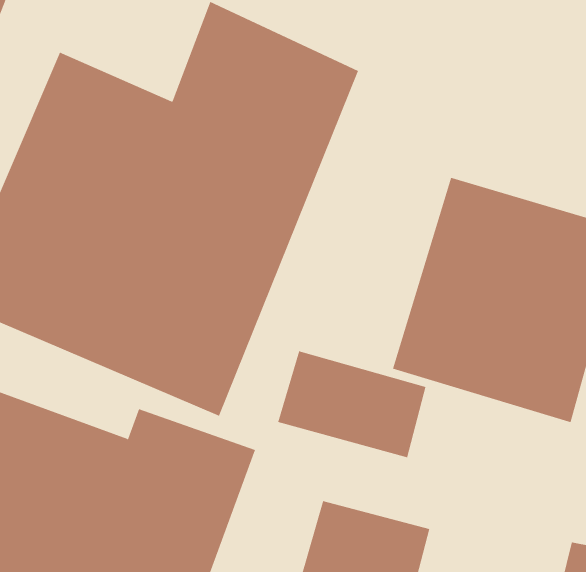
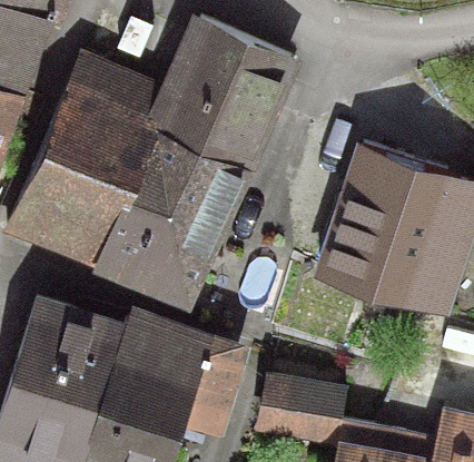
building: [277,350,426,458] -> none

